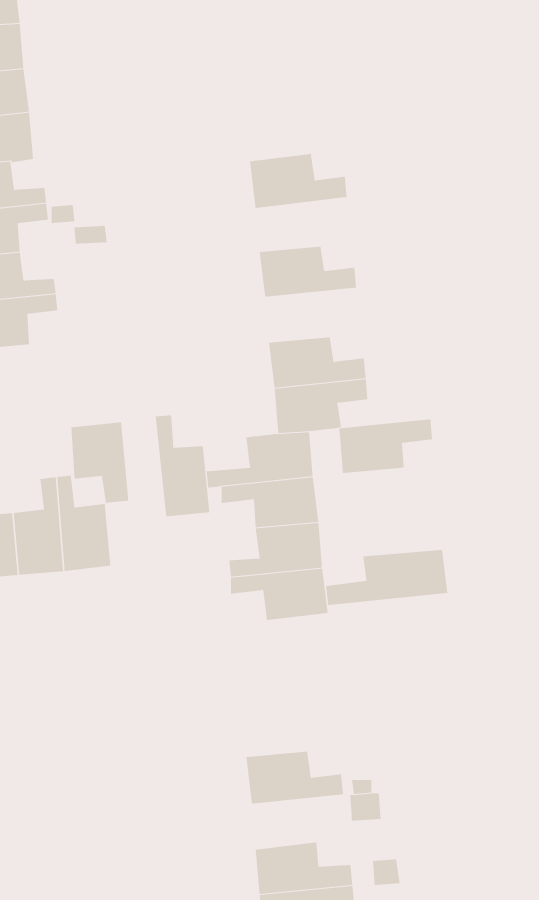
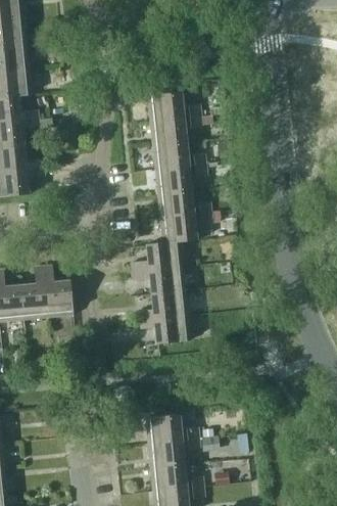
building: none -> [150,114,201,144]
building: [155,415,210,517] -> none
building: [338,419,433,474] -> [155,164,206,193]
building: [71,422,129,503] -> none
building: [325,549,448,606] -> none
building: none -> [148,438,199,467]

